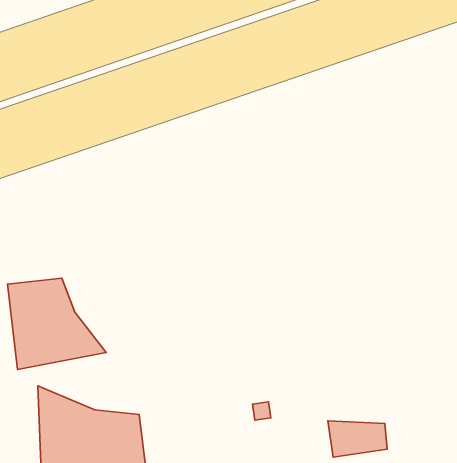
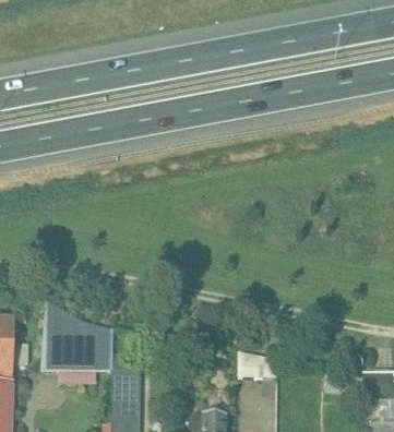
building: [7,278,106,370] -> none

